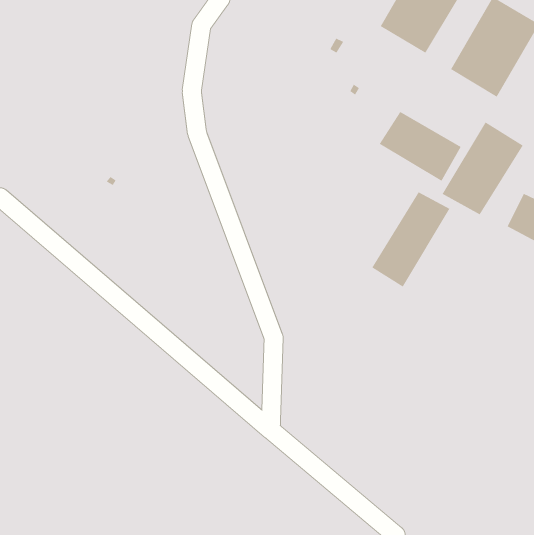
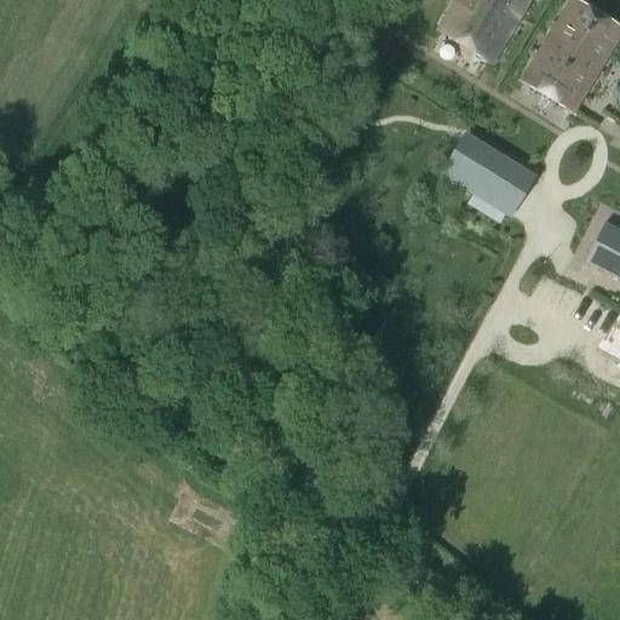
building: [442,122,523,215] -> none
building: [371,191,450,288] -> none

